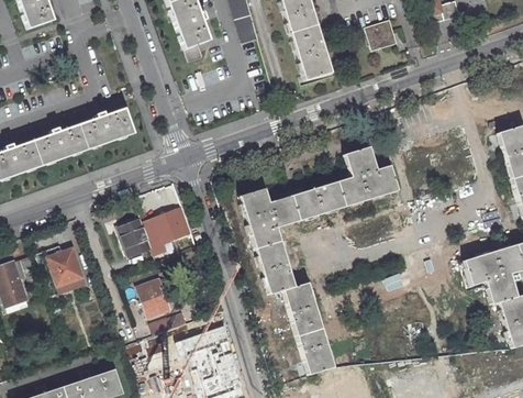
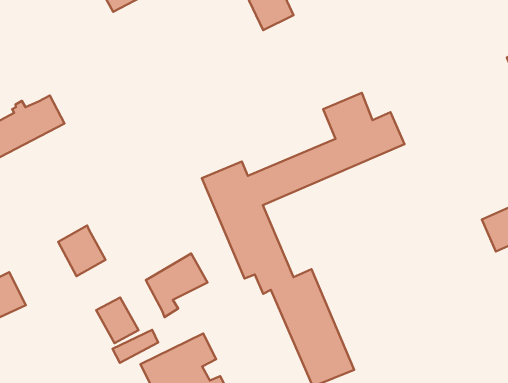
building: [143,206,192,254] -> [146,253,207,317]

